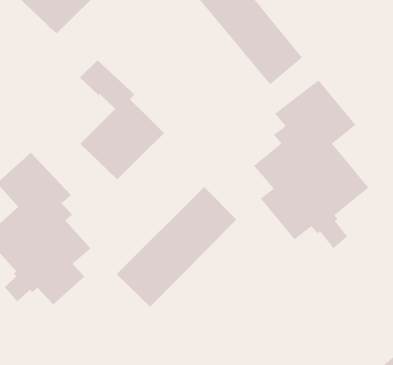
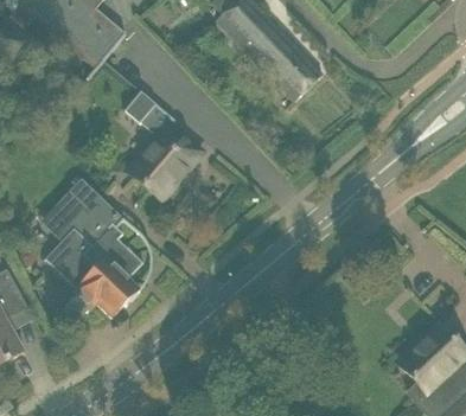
building: [253,80,369,249] -> none
building: [116,186,237,307] -> none

